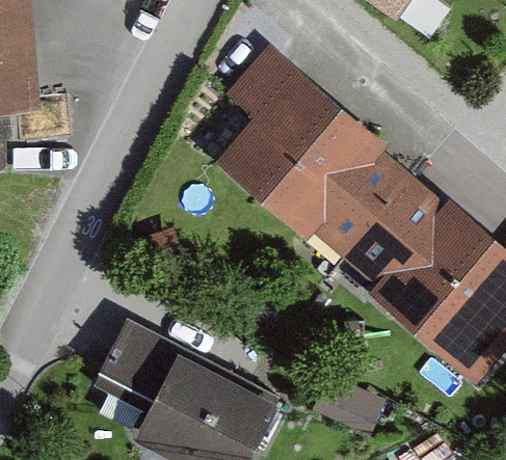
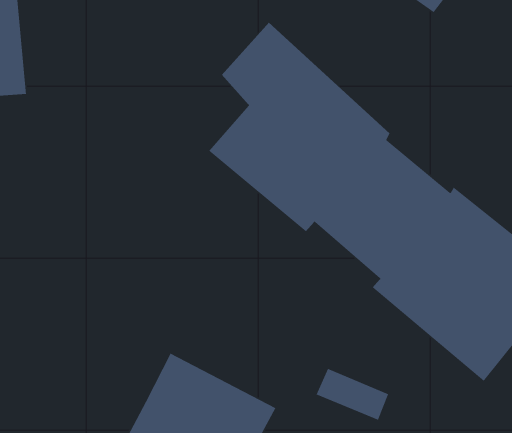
building: [97,318,182,404] -> none

